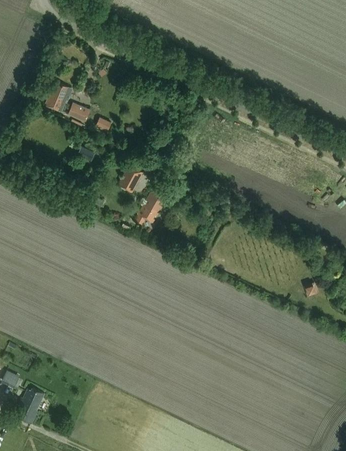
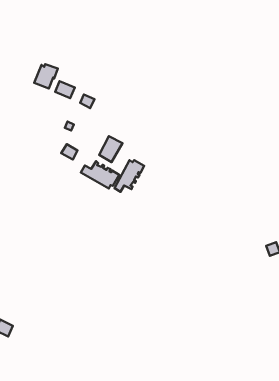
building: none -> [81,161,119,188]
building: [14,390,45,426] -> none

